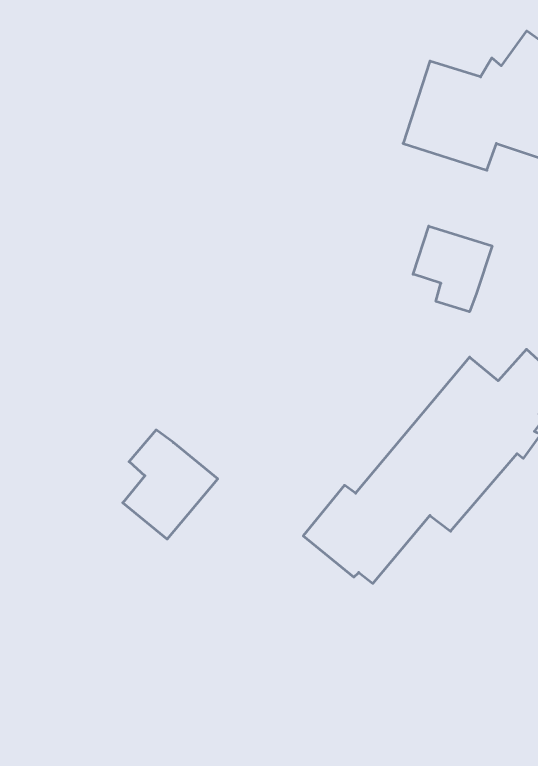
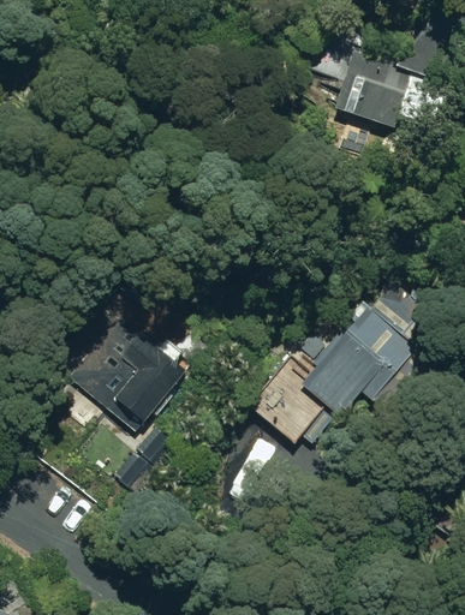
building: [413,226,492,312] -> none

